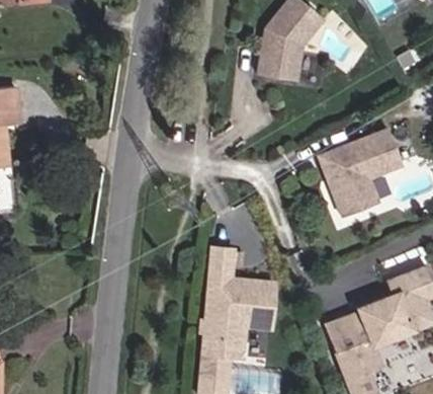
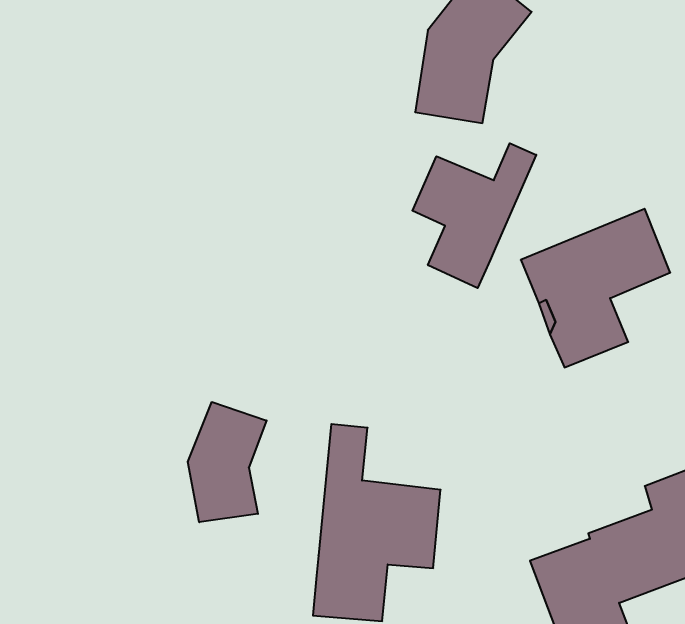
building: none -> [412,143,536,288]
building: none -> [188,402,267,522]

